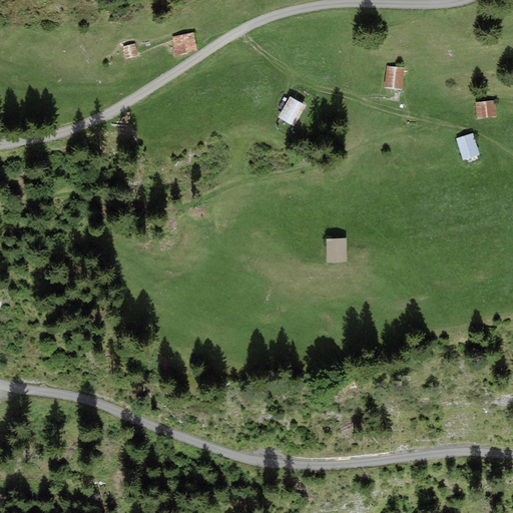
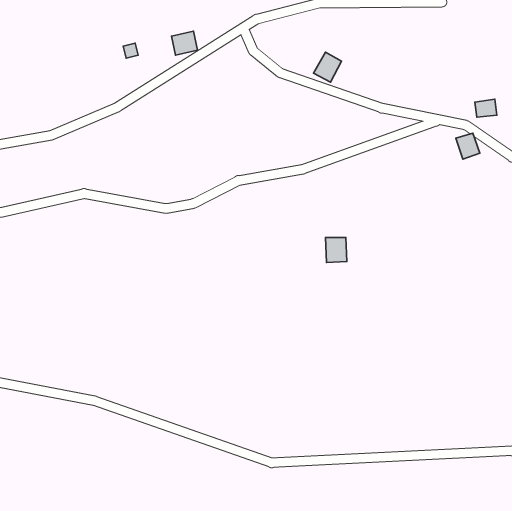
building: [385,65,405,89] -> none
building: [278,95,306,125] -> [313,52,341,82]

